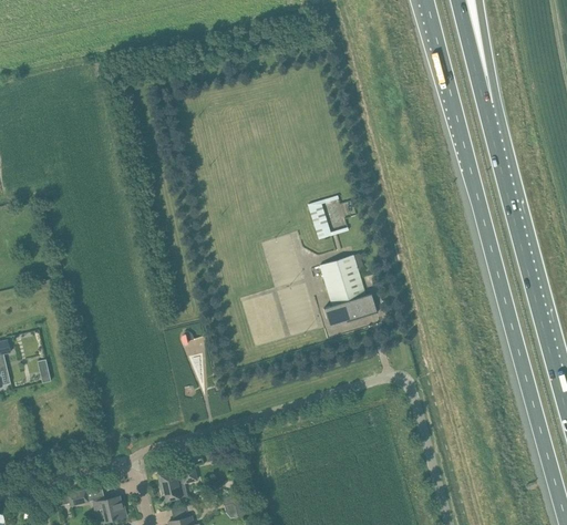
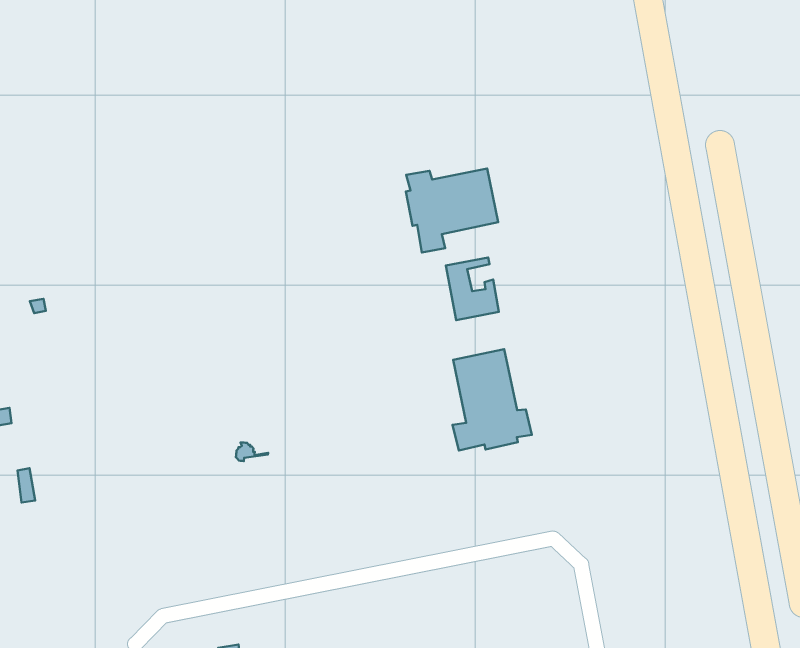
building: none -> [406,168,498,252]

